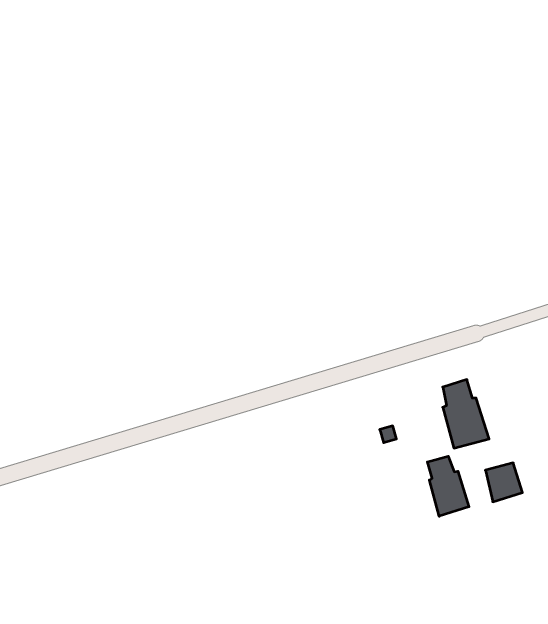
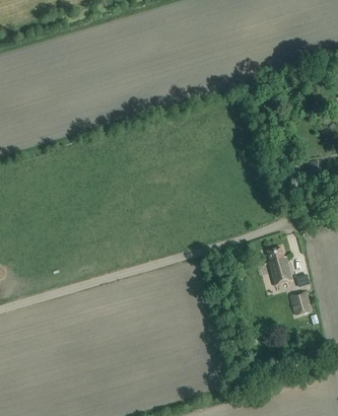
building: [427,456,469,516] -> none

